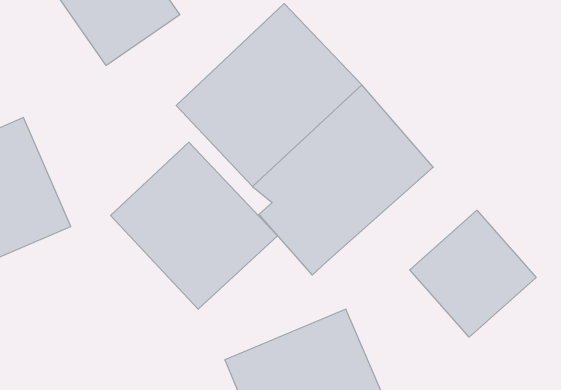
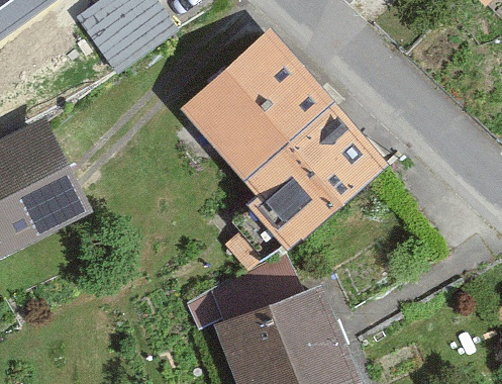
building: [111,142,278,309] -> none
building: [410,210,536,337] -> none

